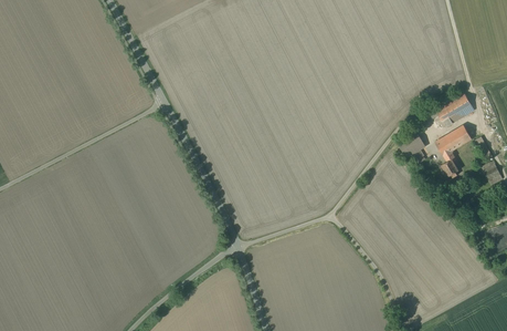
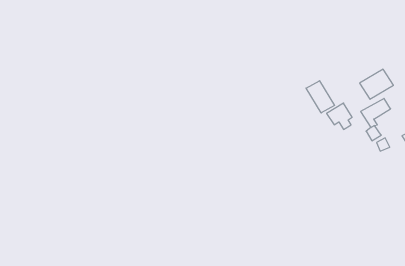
building: none -> [306,81,335,113]

